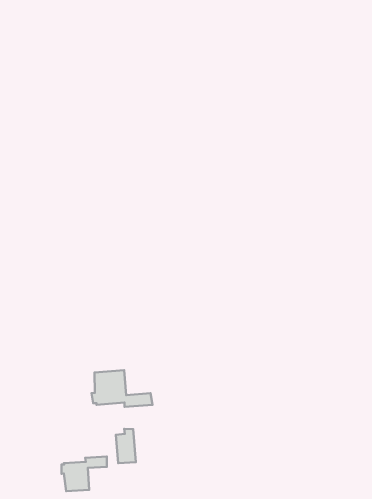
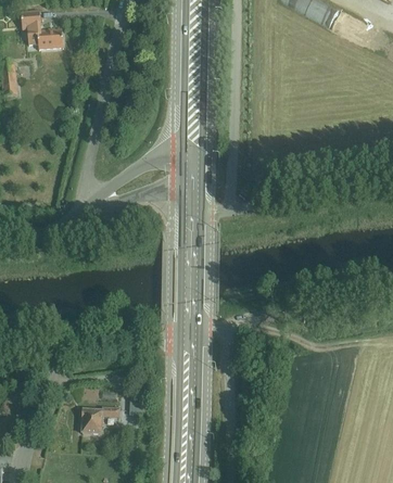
building: [92,370,152,407] -> none

